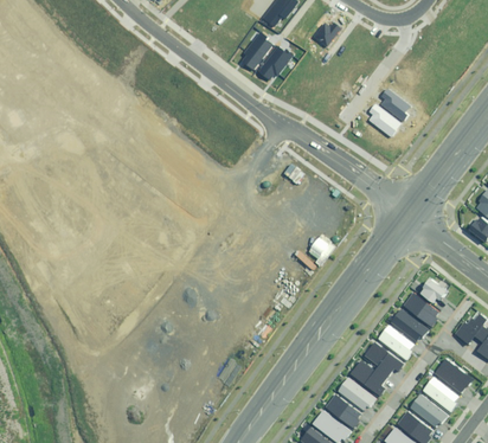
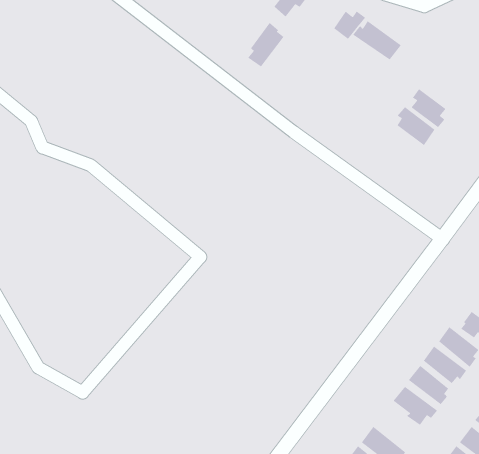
building: none -> [352,20,402,61]
building: [258,45,294,79] -> none
building: [351,360,389,396] -> none

